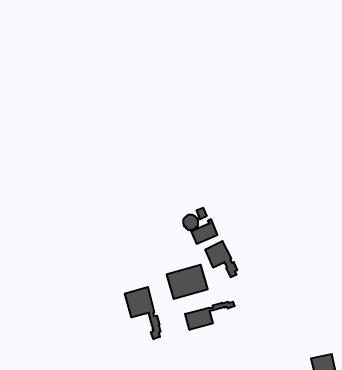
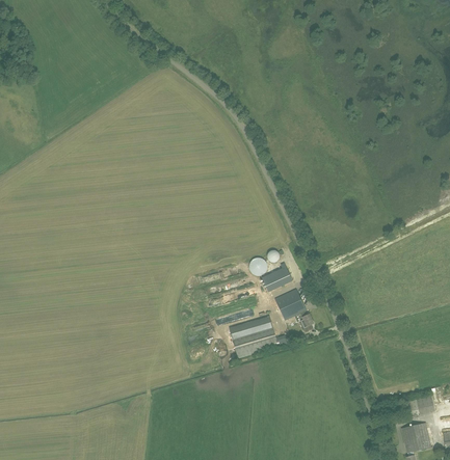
building: [125,287,161,339] -> none
building: [185,302,235,330] -> none

